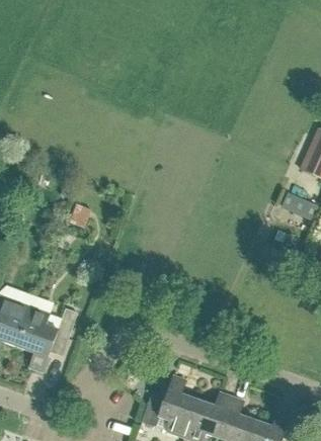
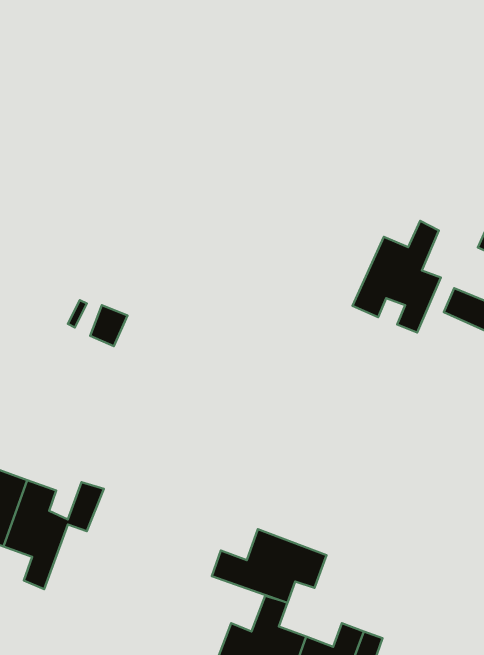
building: none -> [352,221,441,333]
building: none -> [212,529,327,603]

